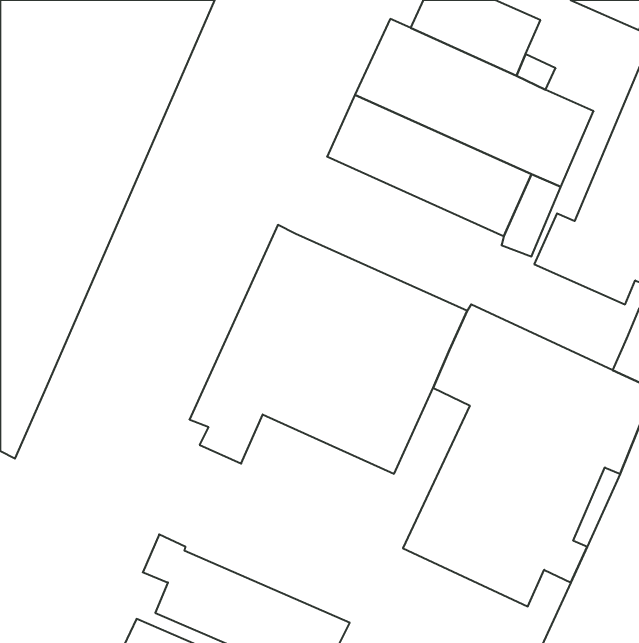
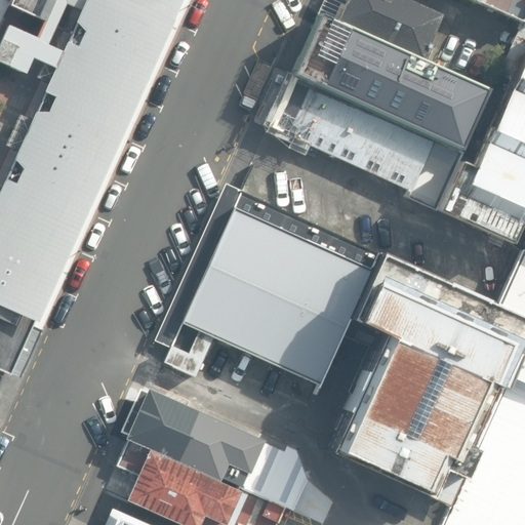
building: none -> [134,399,312,512]

